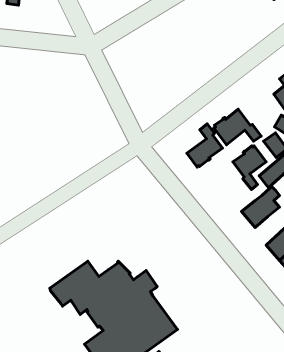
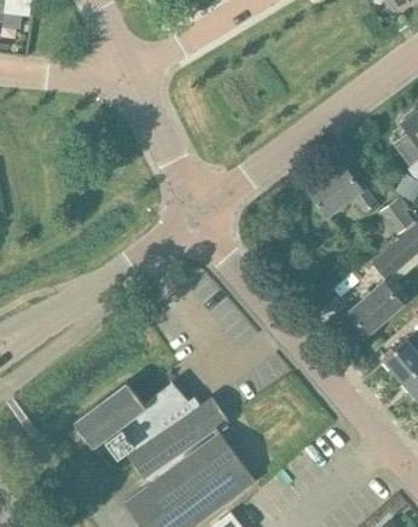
building: [187,124,223,167] -> none
building: [233,146,266,190] -> none

